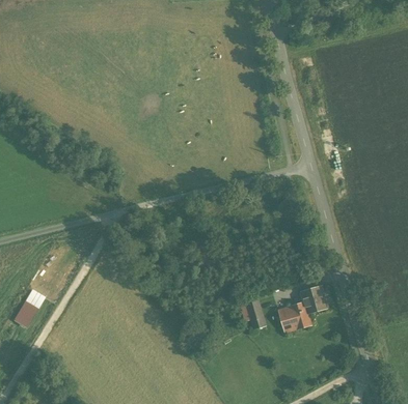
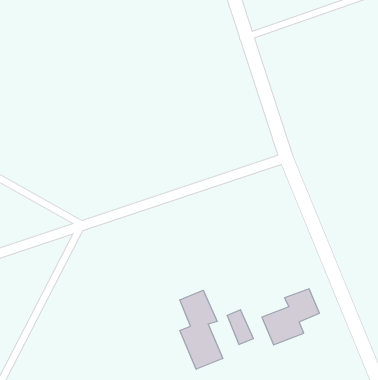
building: none -> [180,290,223,369]

